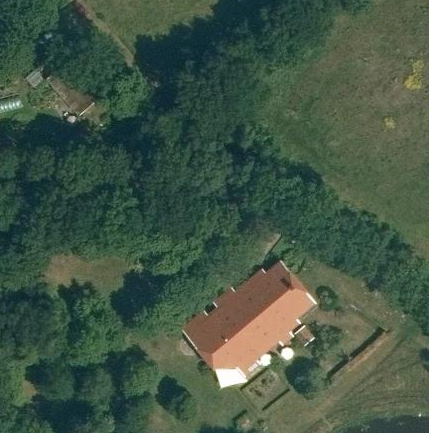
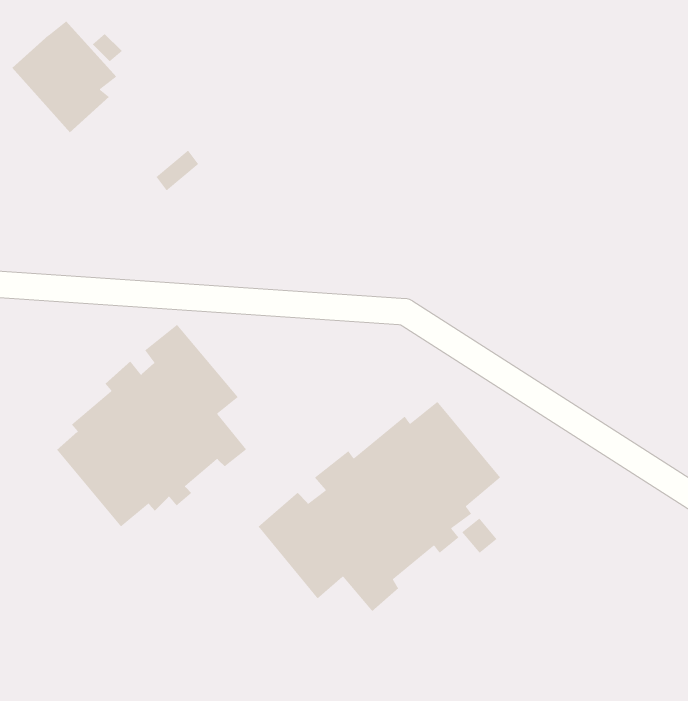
building: none -> [56,324,247,527]

